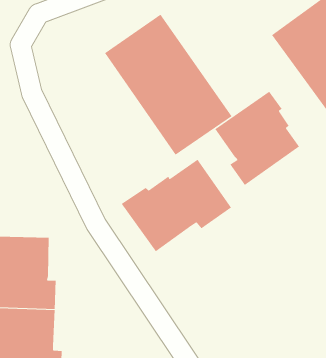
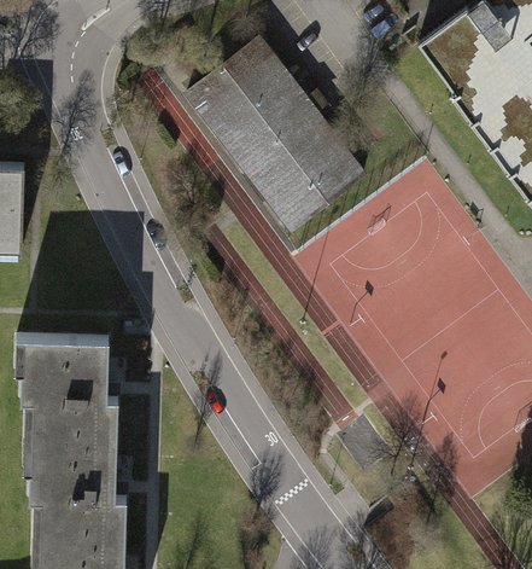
building: [215,91,300,186] -> none
building: [121,159,232,252] -> none

